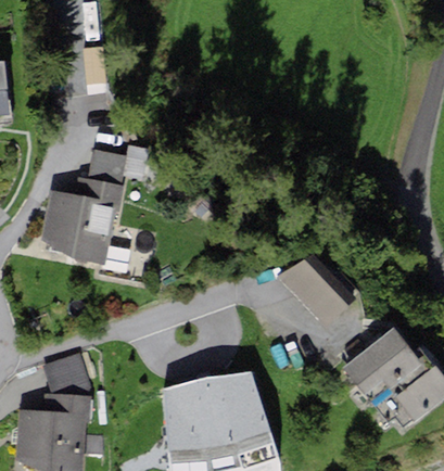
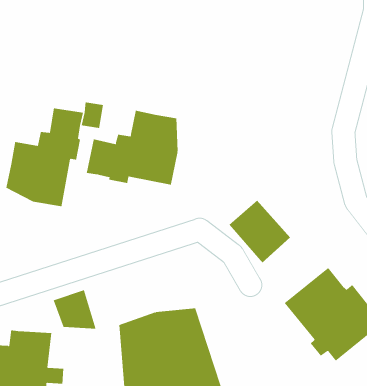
building: none -> [86,110,178,185]
building: [43,355,91,398] -> [53,289,96,329]

